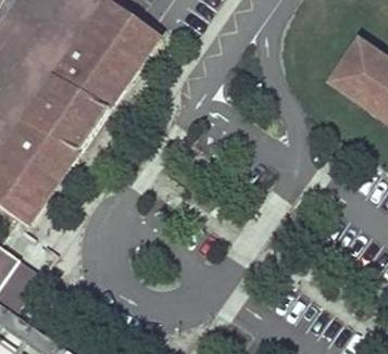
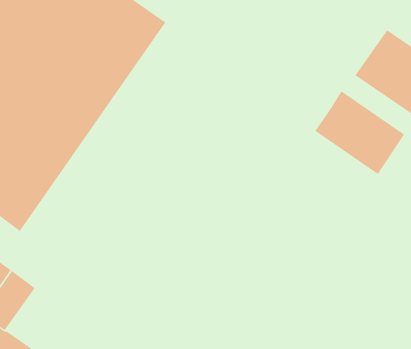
building: none -> [314,91,405,175]

